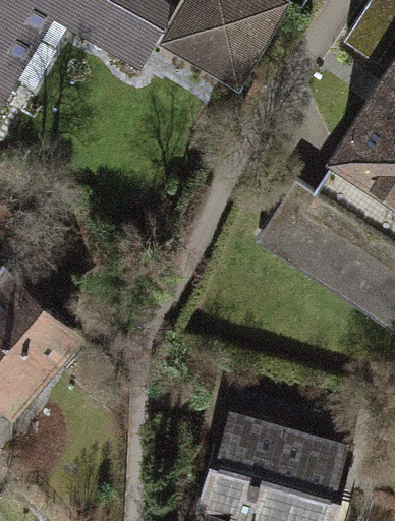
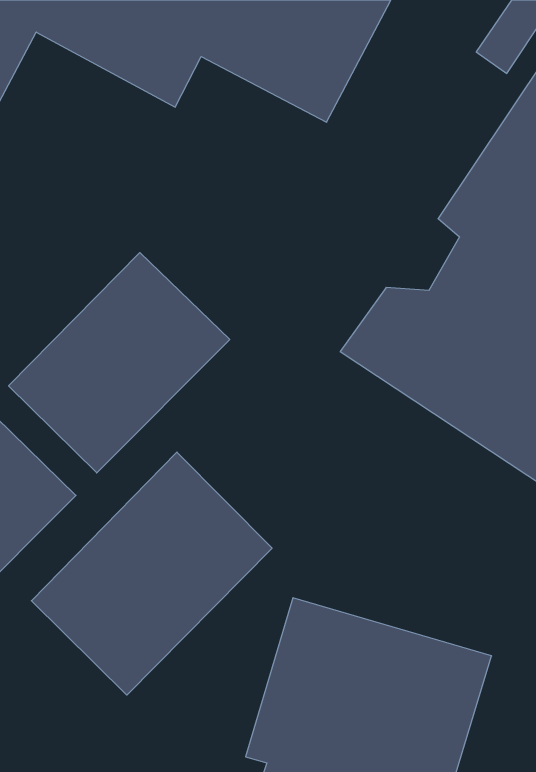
building: none -> [9,253,230,473]
building: none -> [31,452,272,695]

